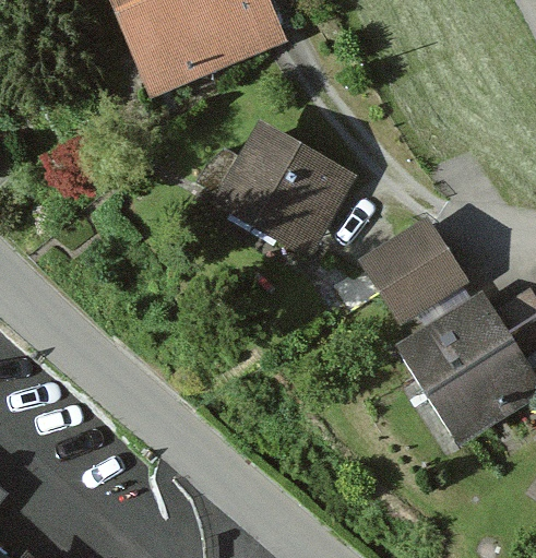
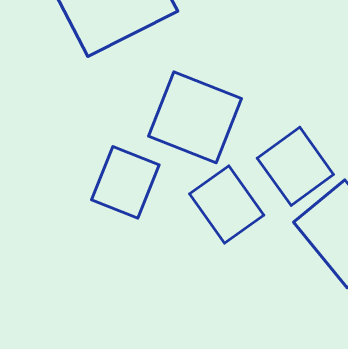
building: none -> [92,147,159,218]
building: none -> [189,166,264,243]

